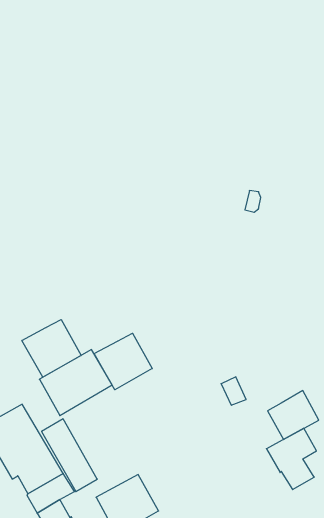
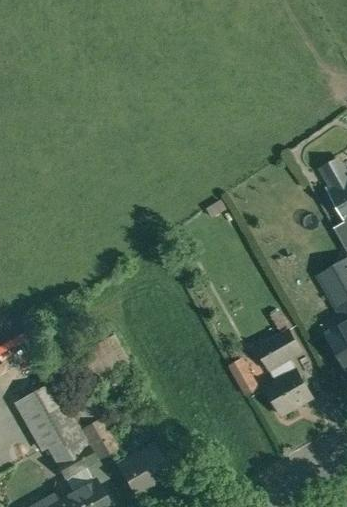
building: [22,320,81,377] -> none
building: [94,333,152,390] -> none
building: [266,428,316,490] -> [256,328,300,382]

